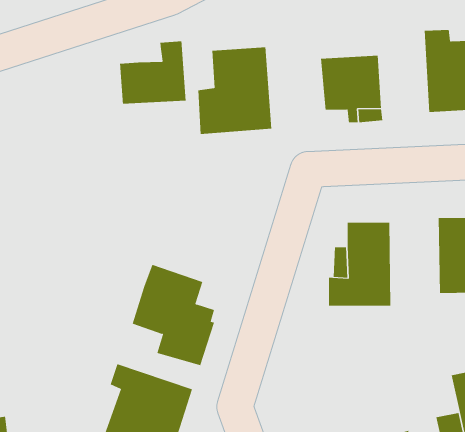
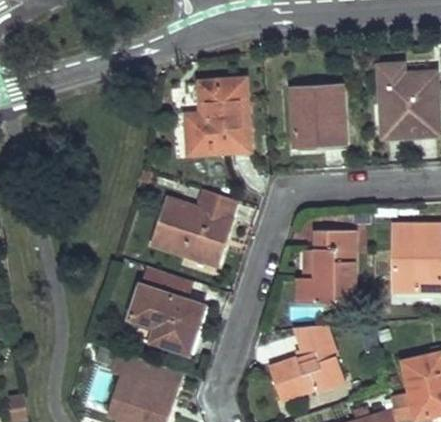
building: [119,41,186,105] -> none
building: none -> [154,190,235,264]
building: none -> [268,324,345,400]

